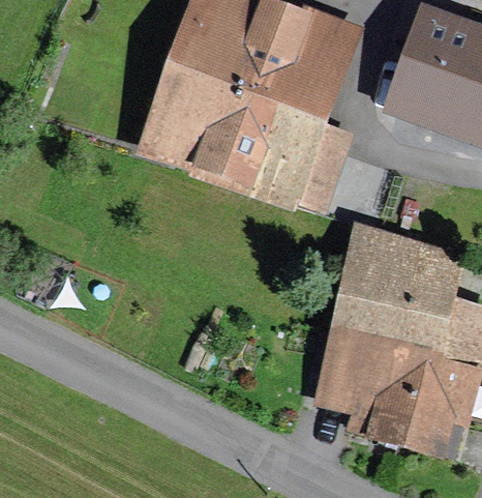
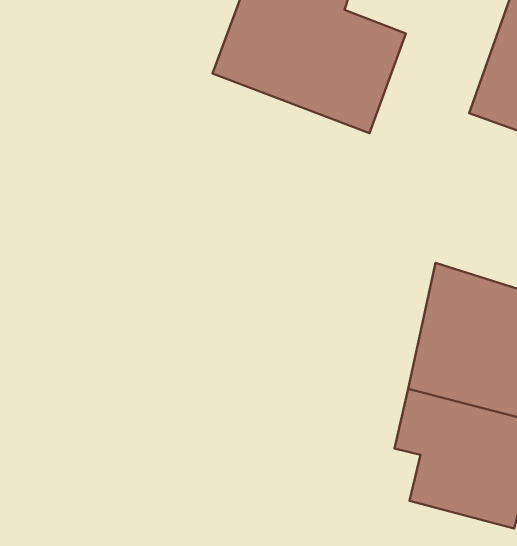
building: [154,72,339,211] -> none

